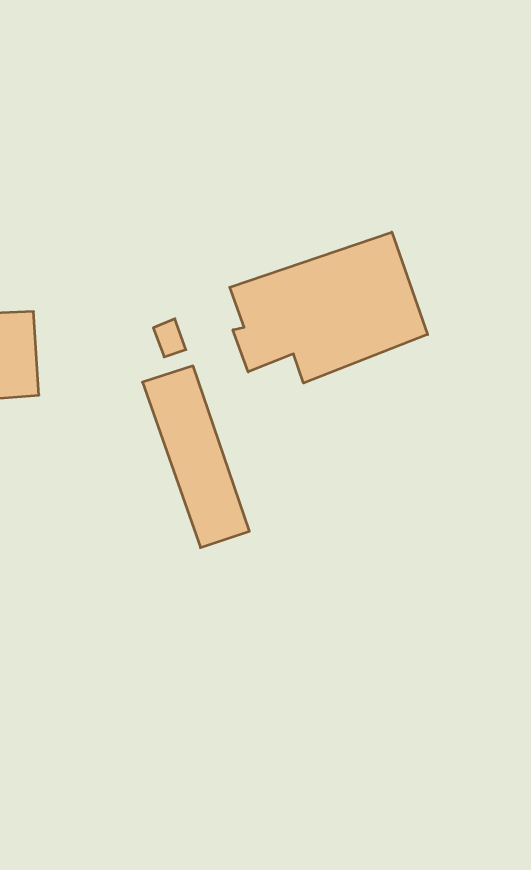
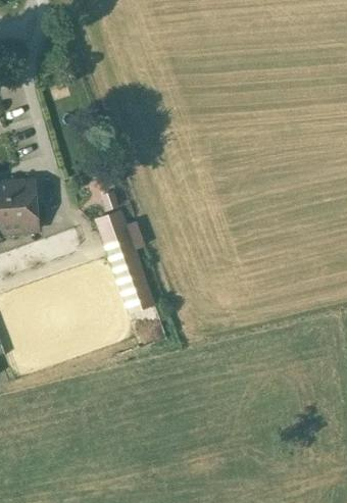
building: [230,232,428,383] -> none

